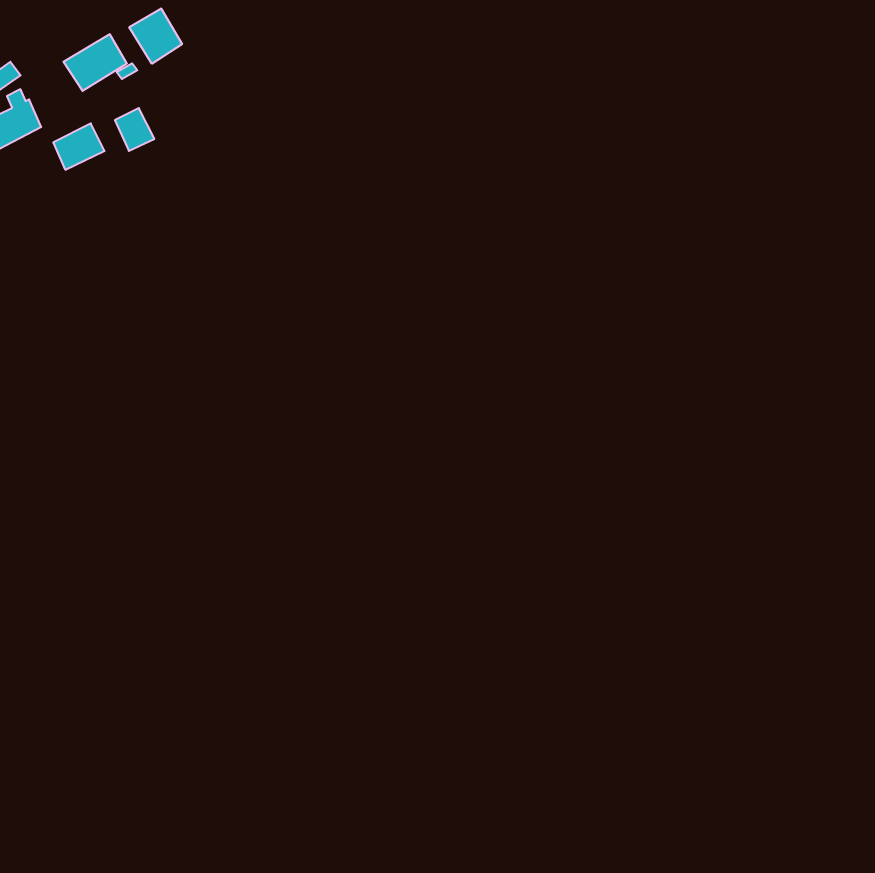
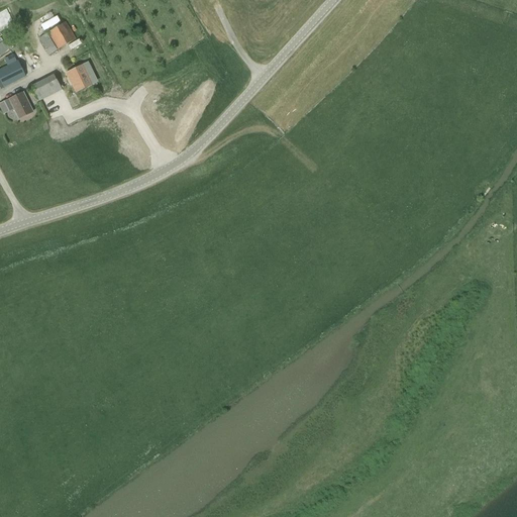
building: [129,8,182,64] -> none
building: none -> [7,90,32,118]

